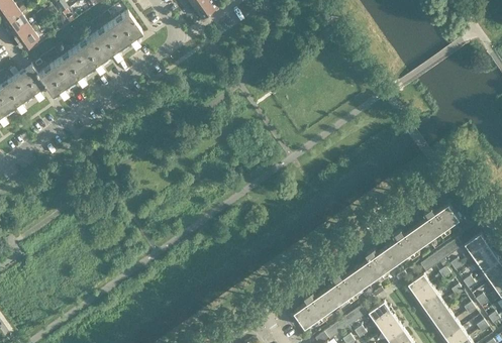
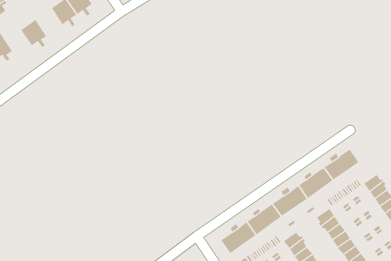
building: [74,37,105,73] -> none
building: [38,64,69,98] -> none

